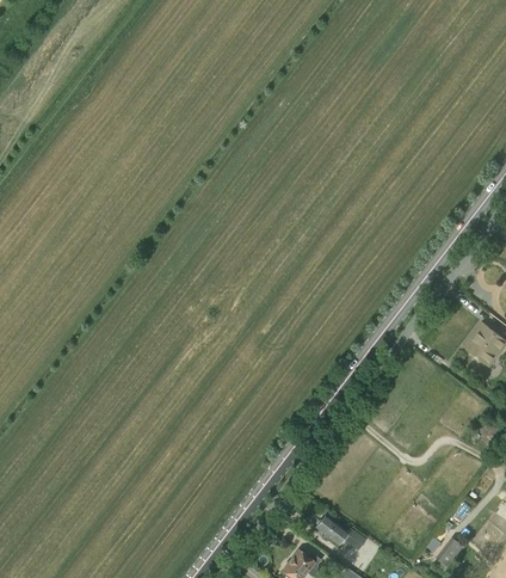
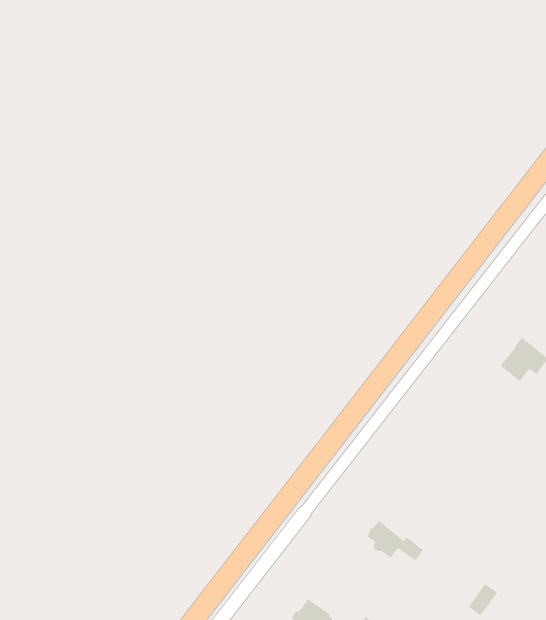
building: [315,514,365,549] -> [366,520,424,561]

